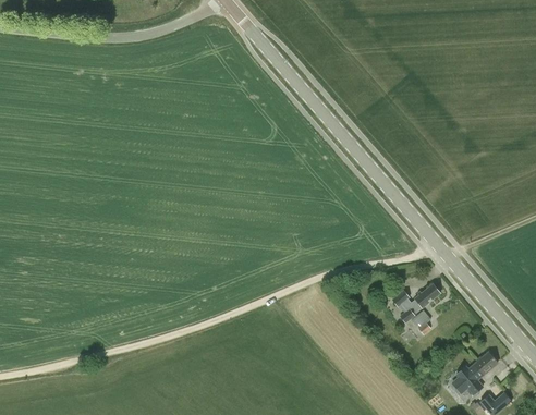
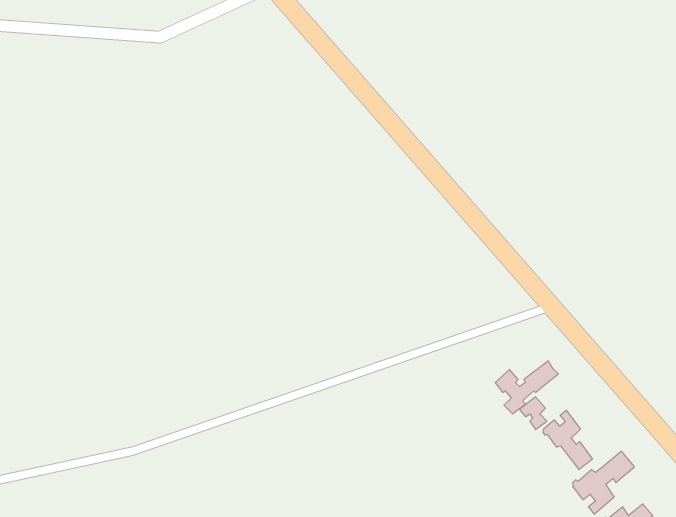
building: none -> [543,410,593,470]

